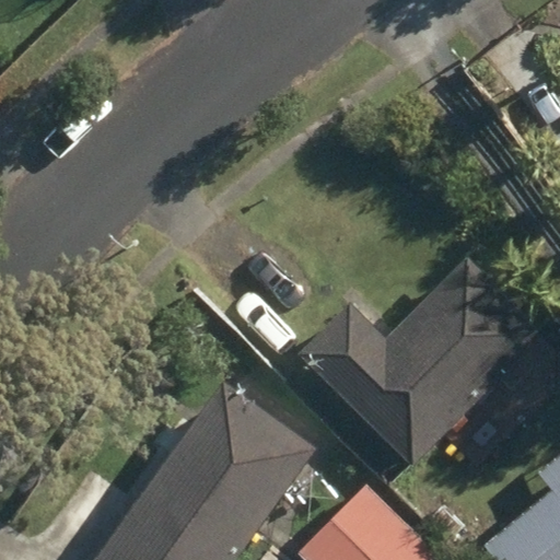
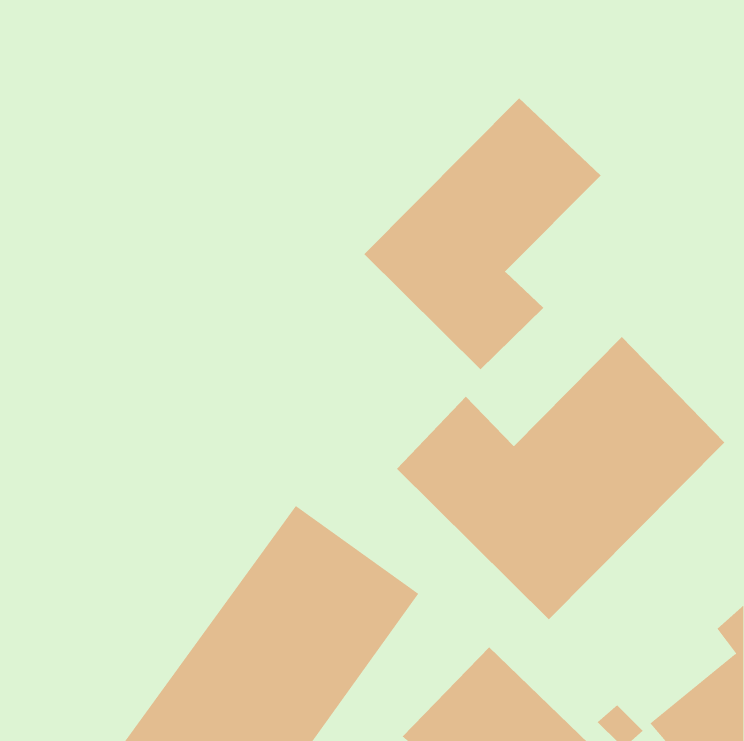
building: none -> [364,97,601,370]

